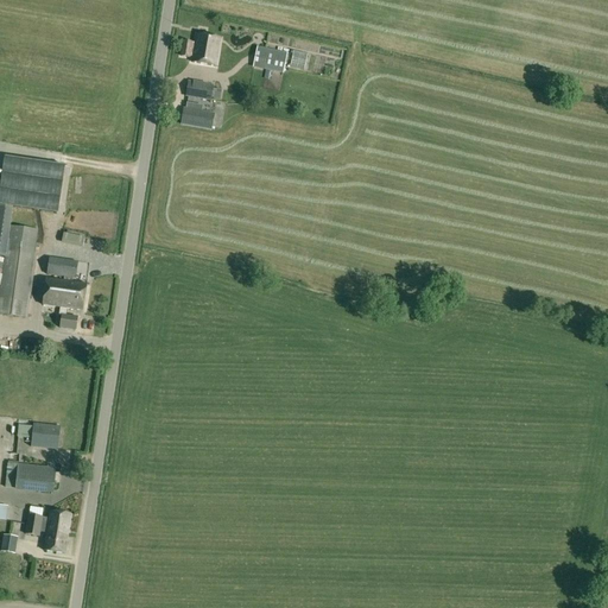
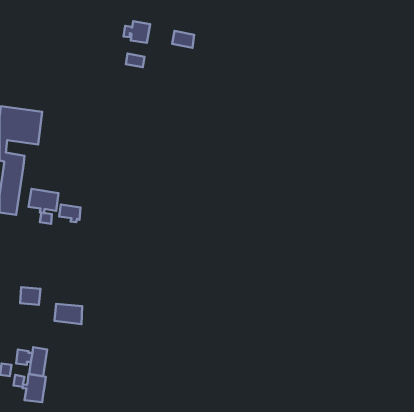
building: [179,101,214,127] -> none
building: [45,254,76,280] -> [59,204,80,222]
building: [14,462,55,492] -> [55,304,82,324]
building: none -> [13,374,46,402]

